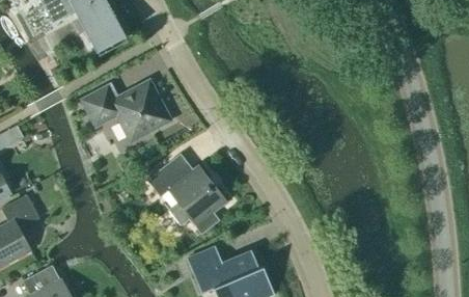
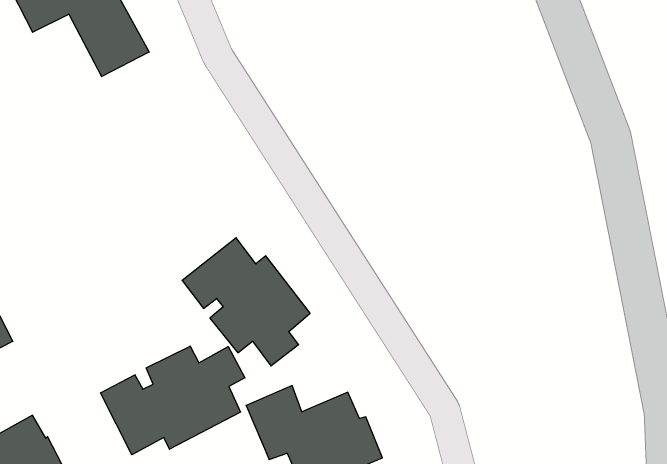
building: [82,80,170,141] -> none
building: none -> [101,346,245,455]

